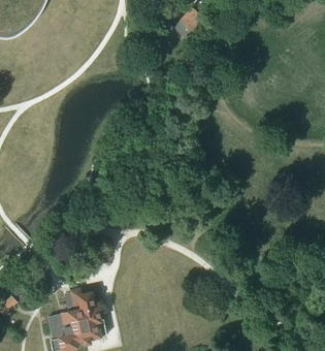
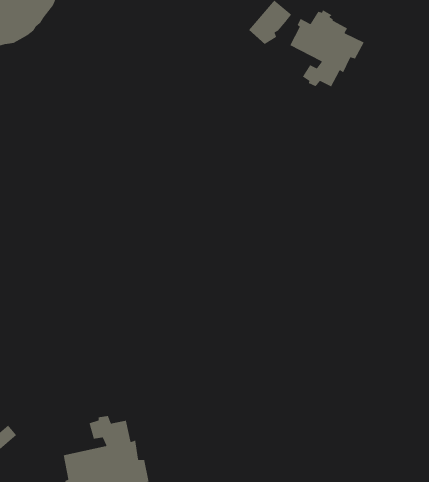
building: none -> [289,9,365,87]

